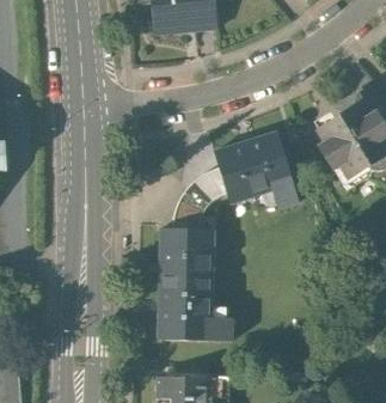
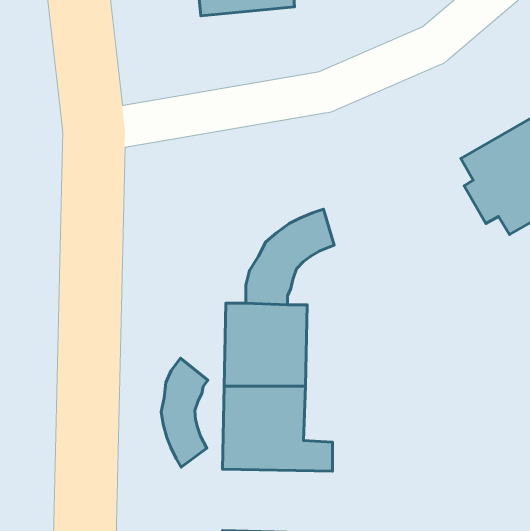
building: [225,130,305,203] -> none
building: none -> [161,358,208,467]

